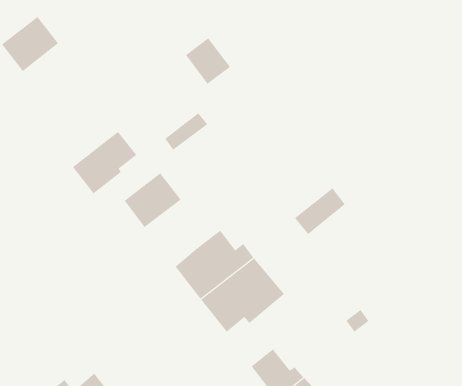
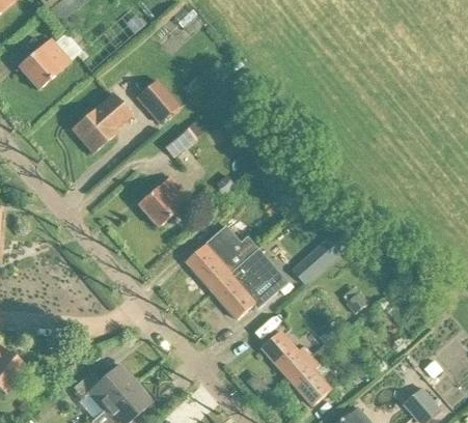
building: [185,37,231,85] -> [136,79,178,122]
building: [72,131,137,194] -> [71,93,130,152]
building: [294,188,346,235] -> [292,242,338,286]

